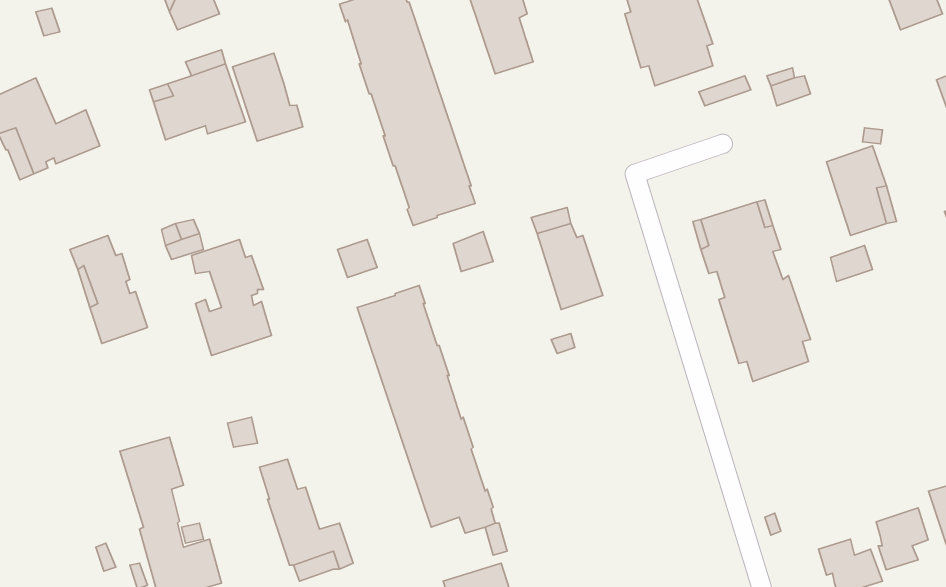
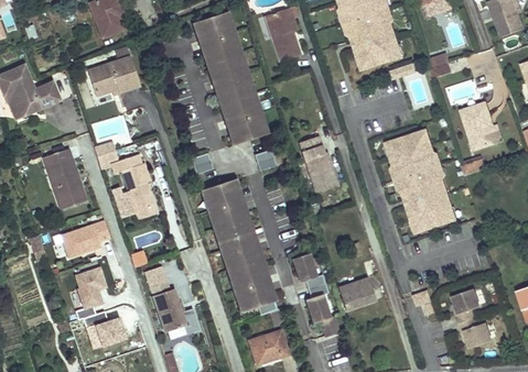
building: [232,53,303,141] -> none
building: none -> [58,219,111,260]
building: none -> [291,253,338,336]
building: none -> [338,278,376,309]
building: [876,508,928,570] -> [451,288,479,322]

